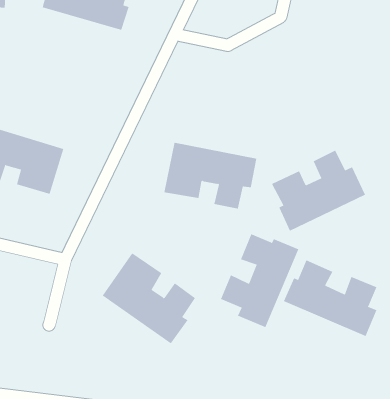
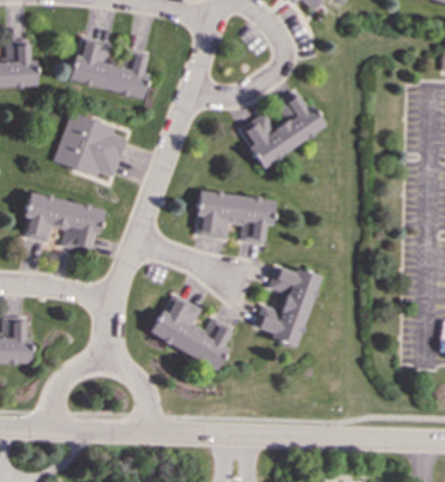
building: none -> [53,113,126,181]
building: [271,150,366,232] -> [241,91,326,168]
building: [283,260,377,337] -> none

